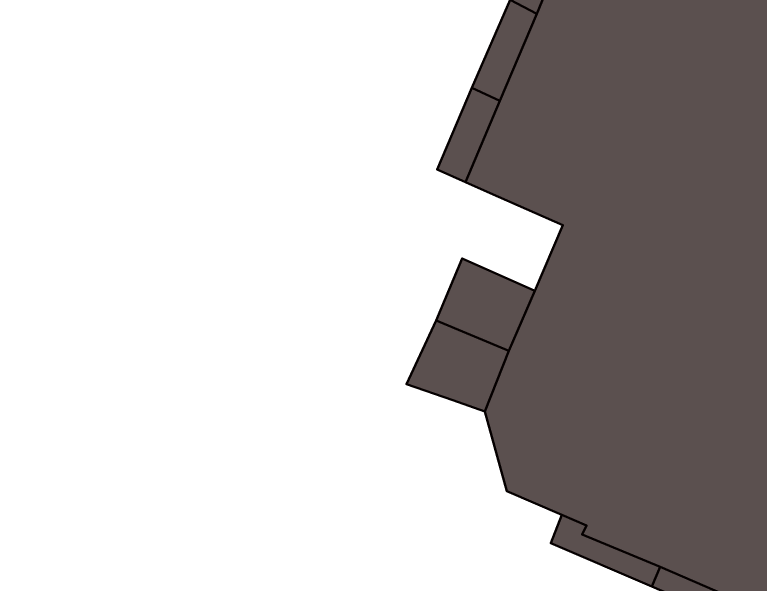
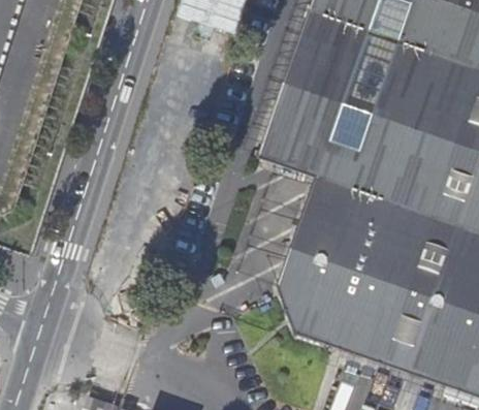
building: none -> [281,151,337,204]
building: none -> [281,270,347,347]

